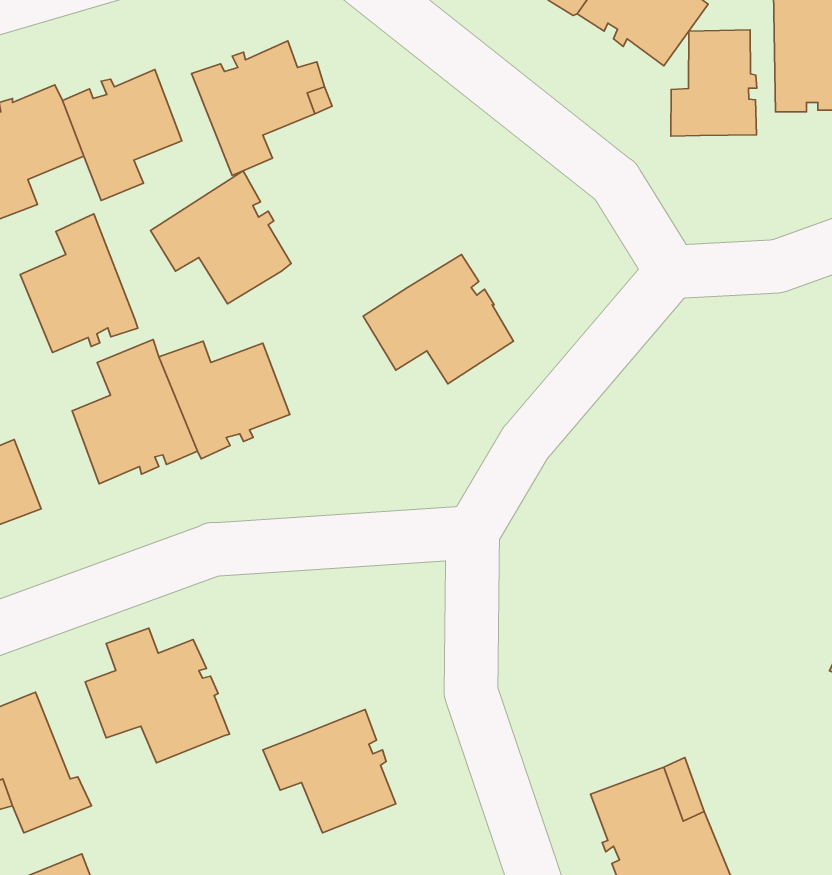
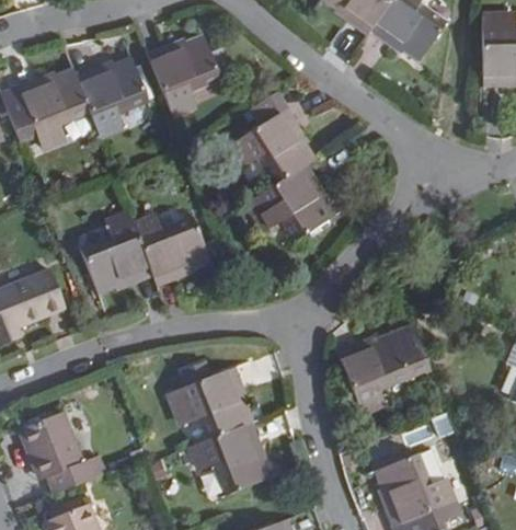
building: [671,30,757,136] -> none
building: [151,171,291,304] -> [230,107,310,183]
building: [20,214,138,352] -> none
building: none -> [343,325,432,408]
building: [85,628,230,763] -> [171,361,253,438]

